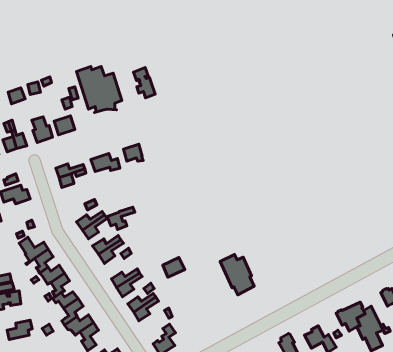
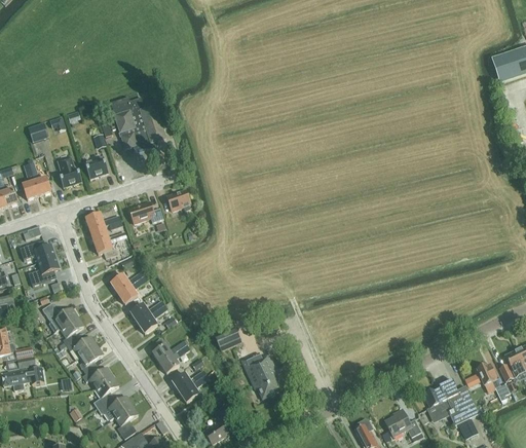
building: [133,67,155,98] -> none
building: none -> [27,255,59,285]
building: [107,207,135,229] -> [92,230,125,257]
building: [220,255,254,295] -> [240,350,281,399]
building: [7,320,32,339] -> none

